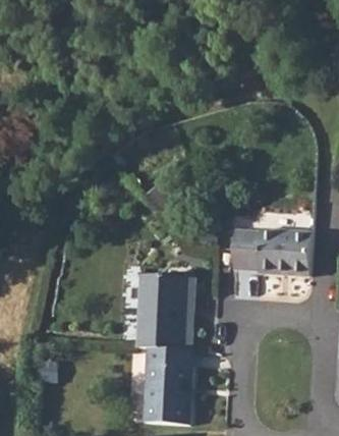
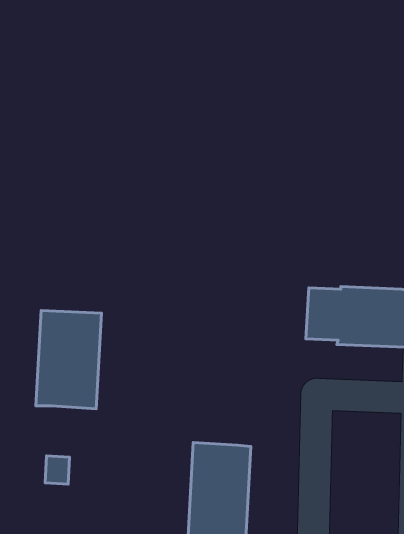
building: [137,273,187,347] -> [36,311,102,409]

